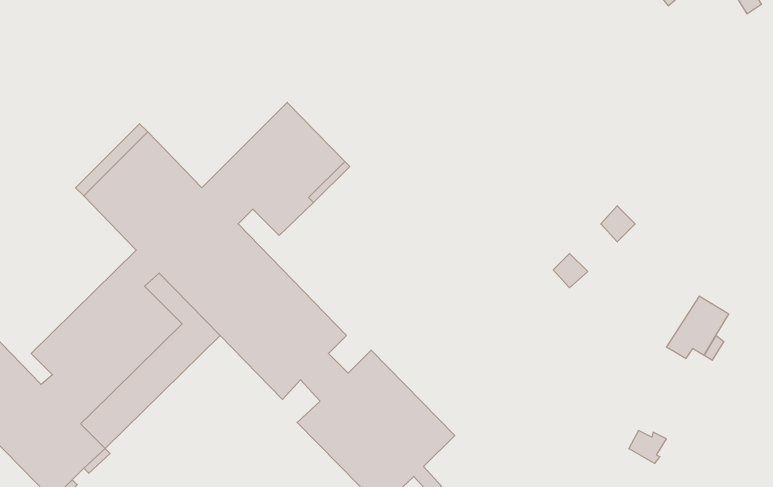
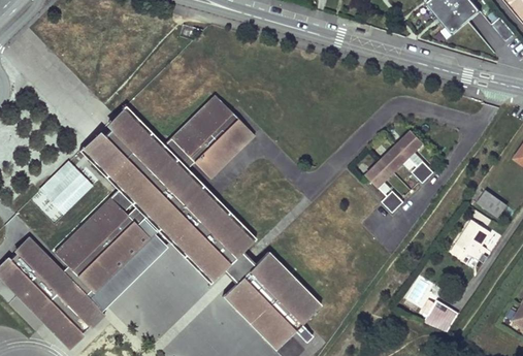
building: none -> [365,131,422,188]
building: none -> [37,158,92,214]
building: none -> [477,189,506,217]

